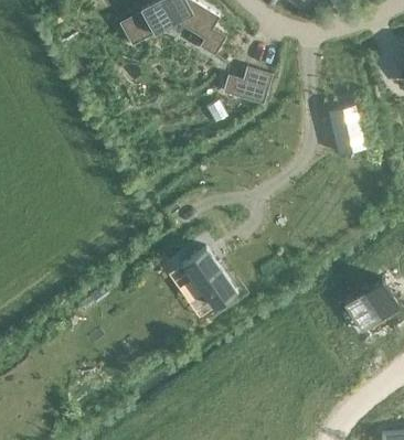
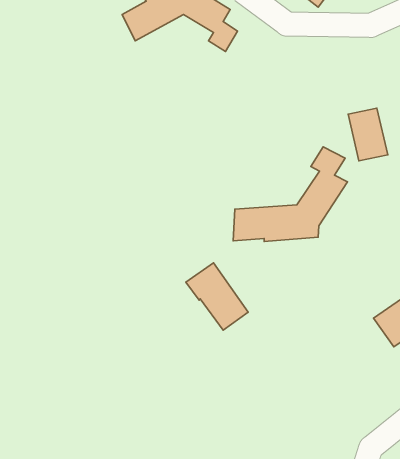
building: [222,68,272,106] -> none
building: none -> [233,147,347,241]

